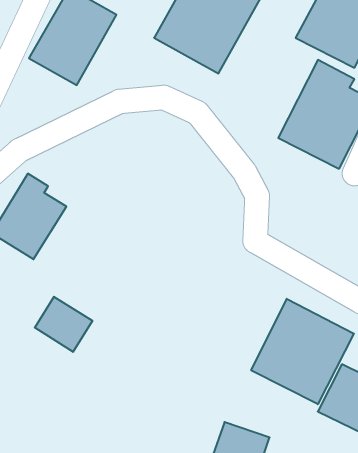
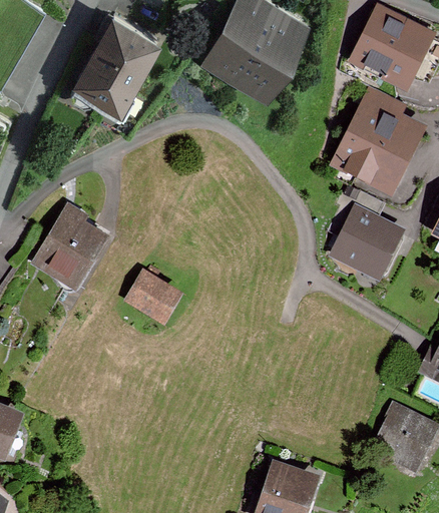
building: none -> [328,203,406,283]
building: [35,297,93,352] -> [122,270,182,327]
building: [251,299,354,404] -> none

